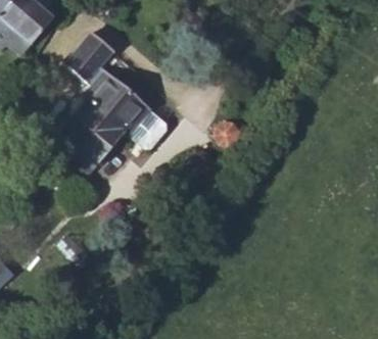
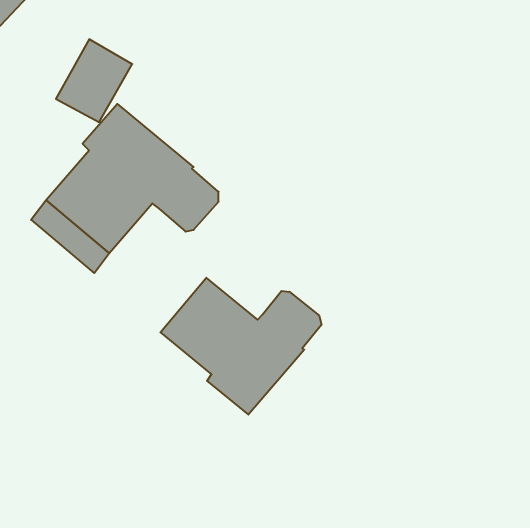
building: none -> [160,278,321,415]

